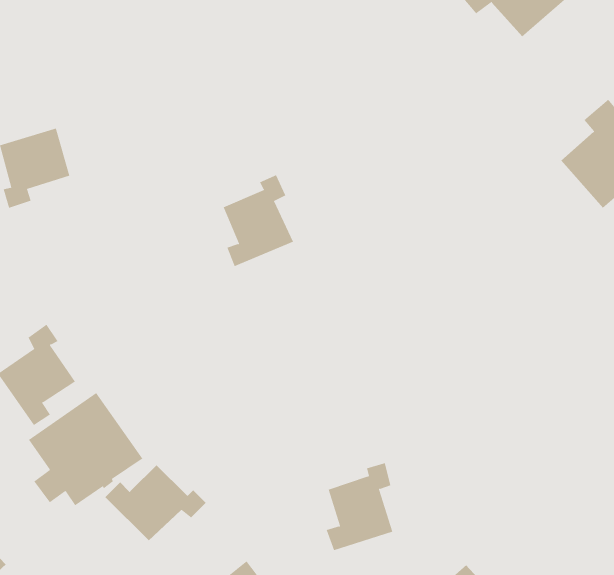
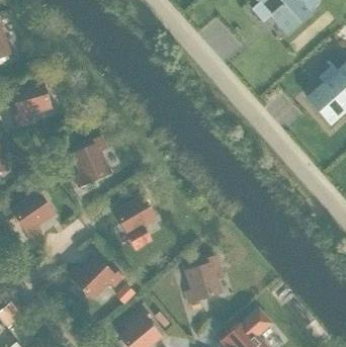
building: [223,174,294,267] -> [73,137,110,185]
building: none -> [115,187,156,240]
building: [28,392,143,506] -> none

